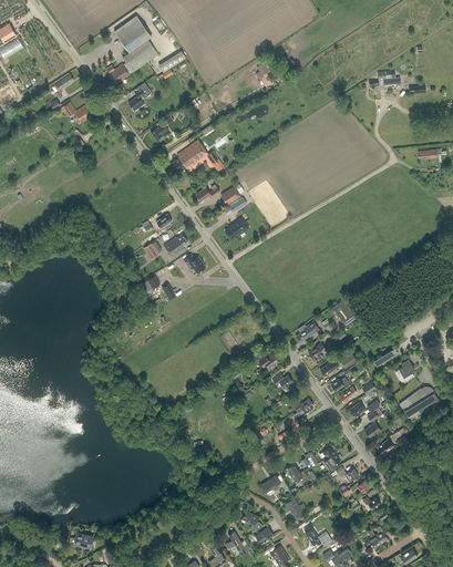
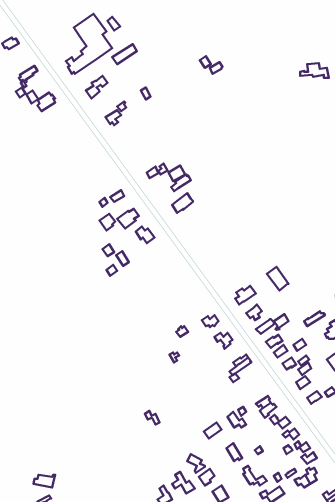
building: [172,140,225,173] -> none

